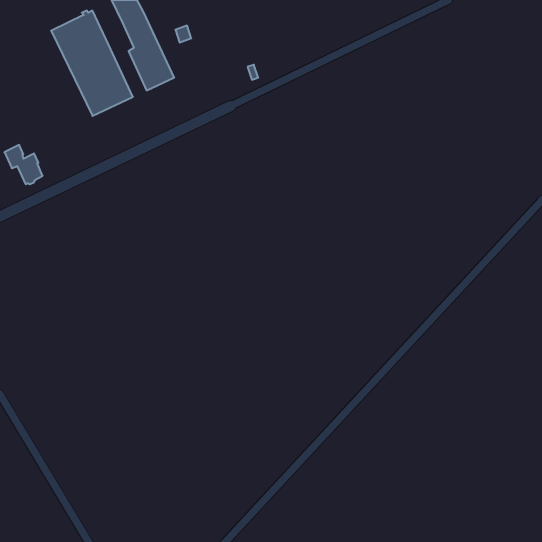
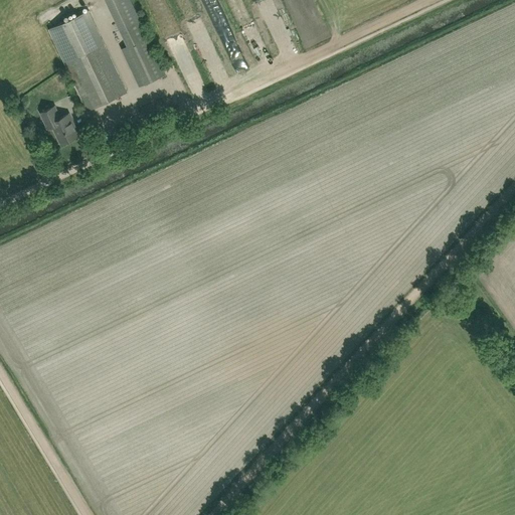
building: [4,145,43,184] -> [40,107,76,144]

